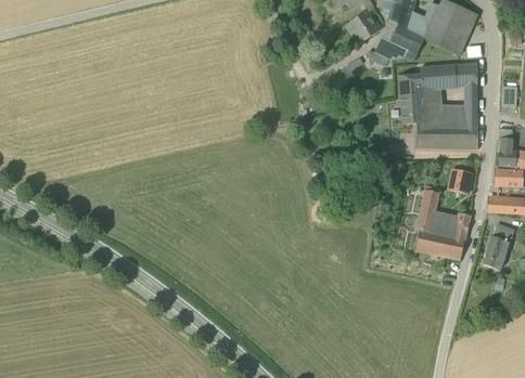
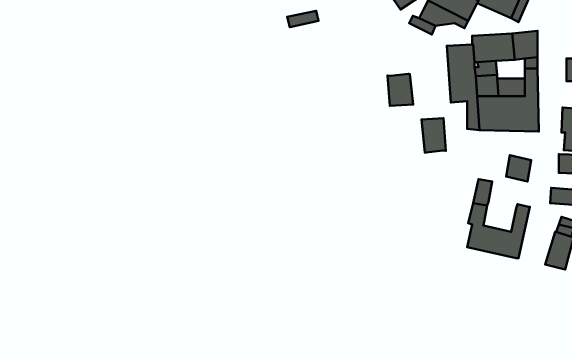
building: none -> [388,74,413,106]
building: none -> [421,118,446,153]
building: [430,210,458,236] -> none

